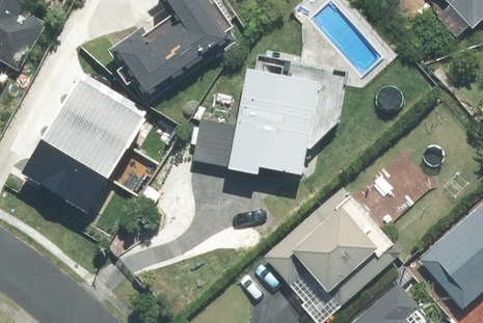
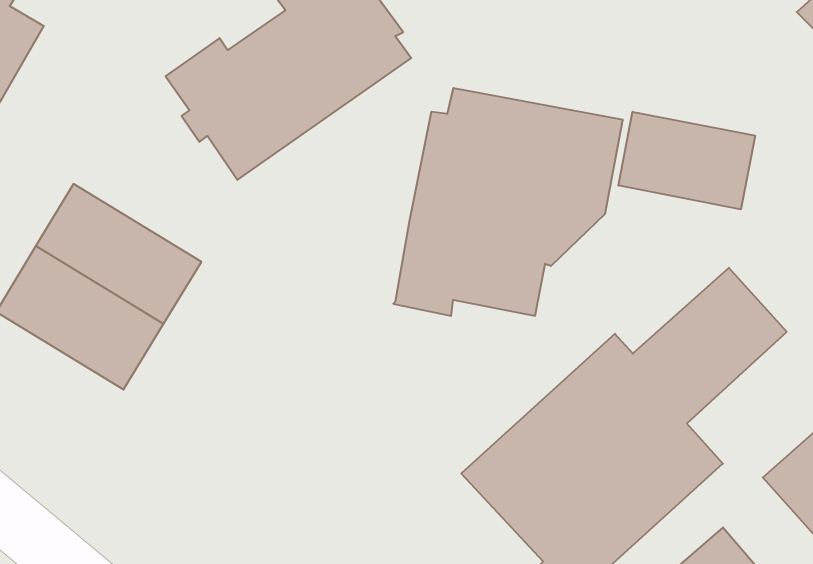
building: none -> [618,112,755,209]
building: [61,71,147,147] -> none
building: [193,118,236,167] -> none

